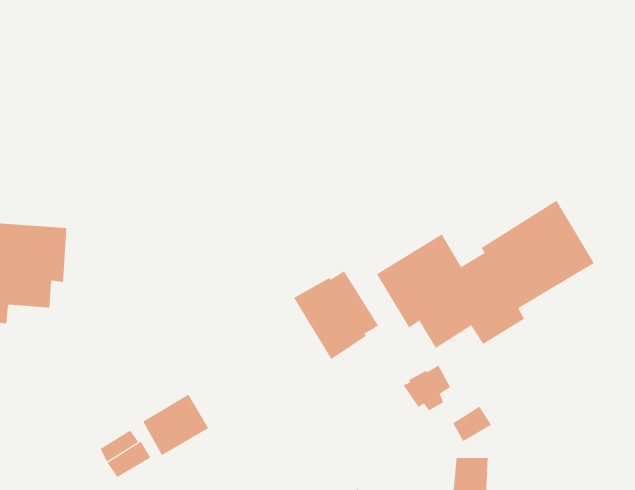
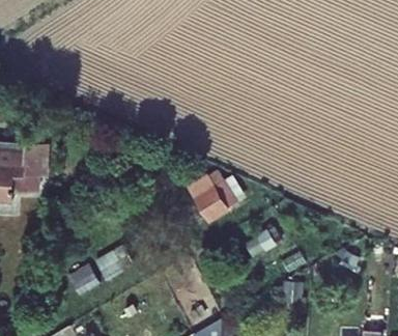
building: [376,200,594,349] -> none

